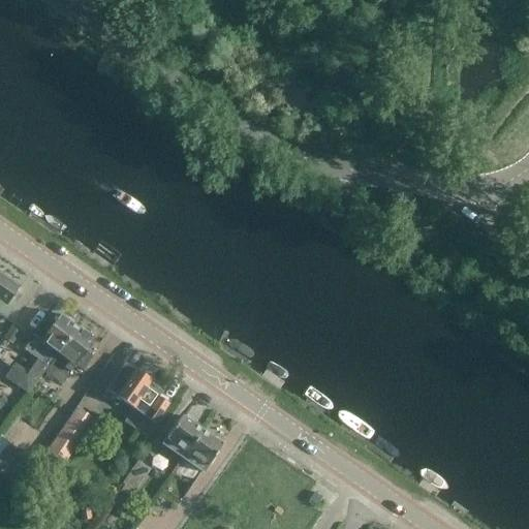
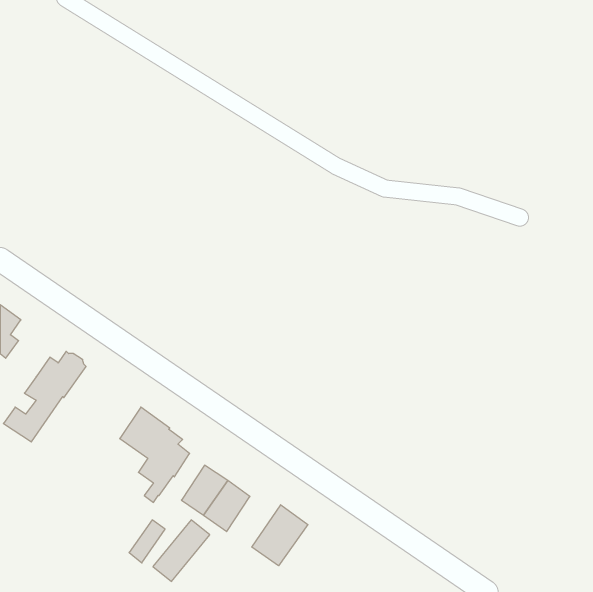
building: [45,325,96,382] -> none
building: [48,404,98,459] -> [153,520,210,581]
building: none -> [252,505,308,566]

